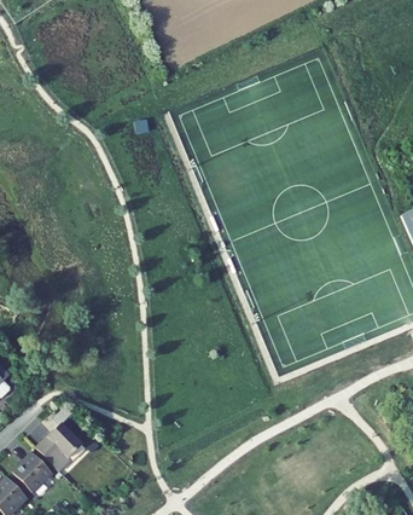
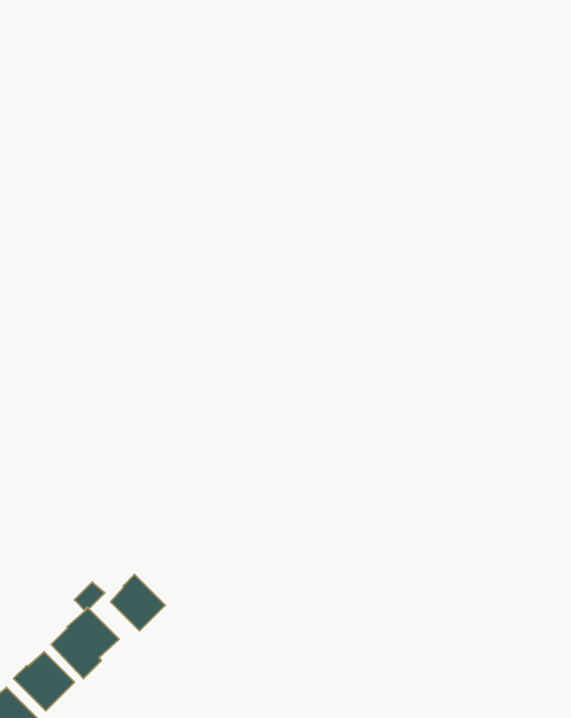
building: none -> [111,574,165,631]

